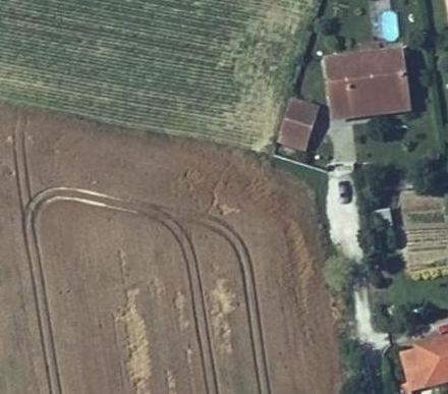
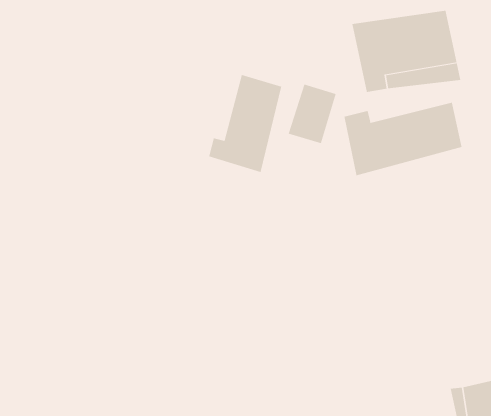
building: none -> [208,74,282,173]
building: none -> [344,102,462,176]

